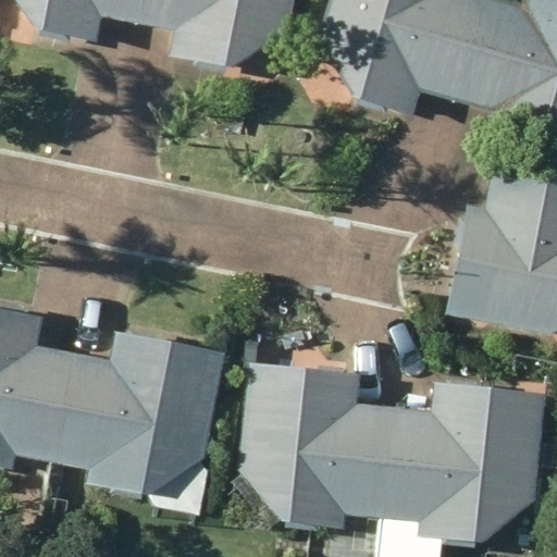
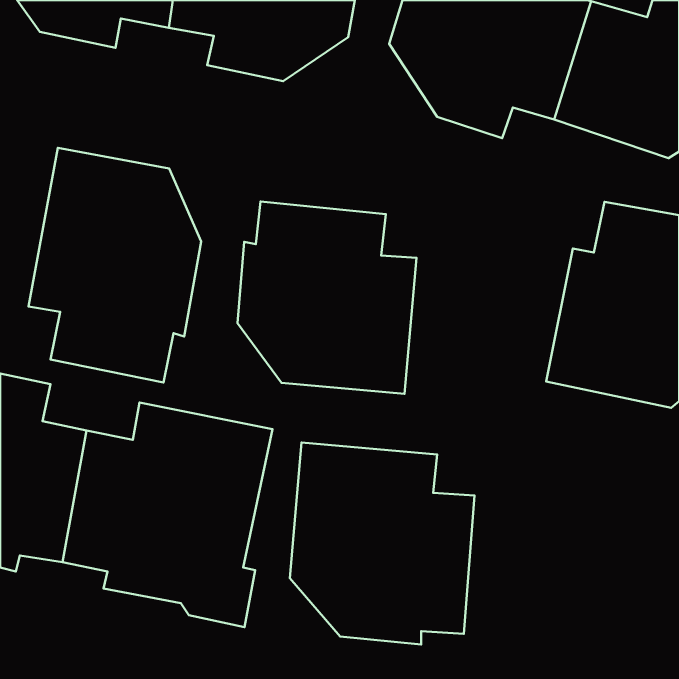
building: none -> [28,148,201,383]
building: none -> [238,202,416,394]
building: [380,384,544,541] -> none

